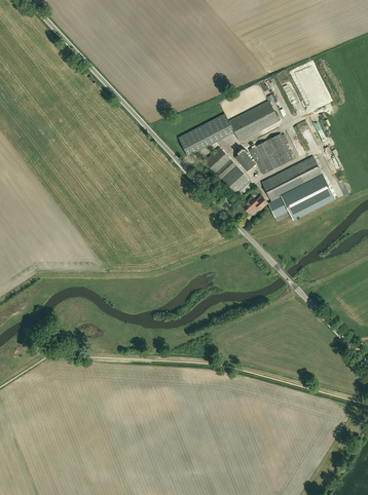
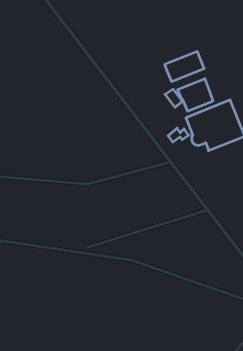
building: [179,113,234,155] -> none
building: [205,146,251,194] -> none

